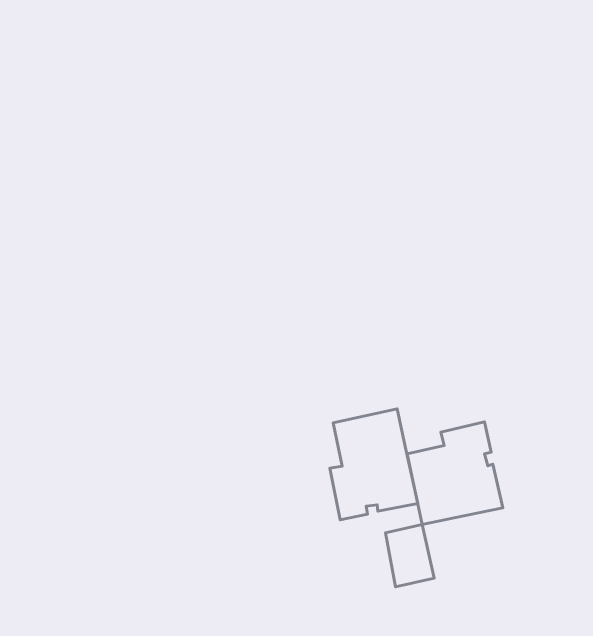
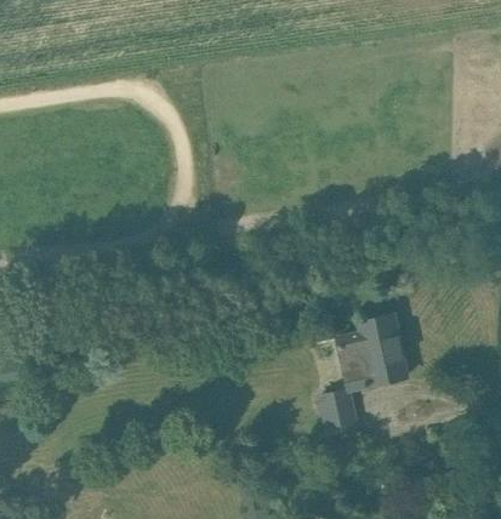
building: [330,409,418,520] -> none

